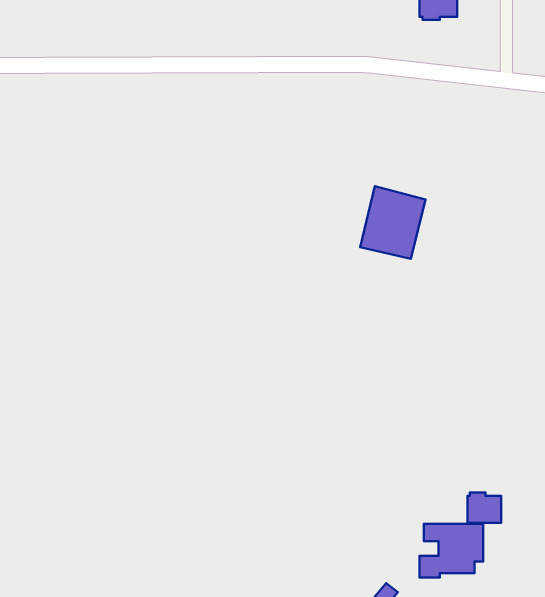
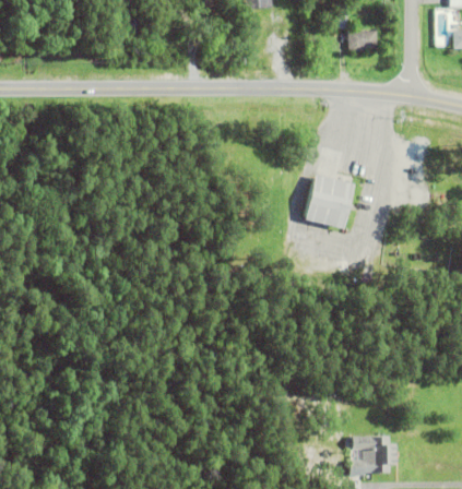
building: [467,493,501,523] -> none

